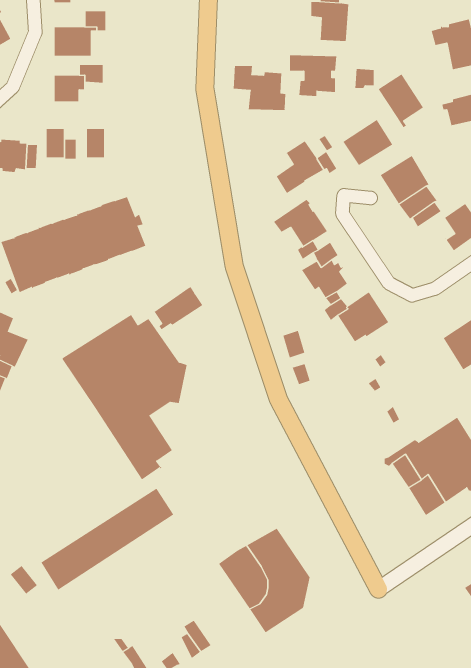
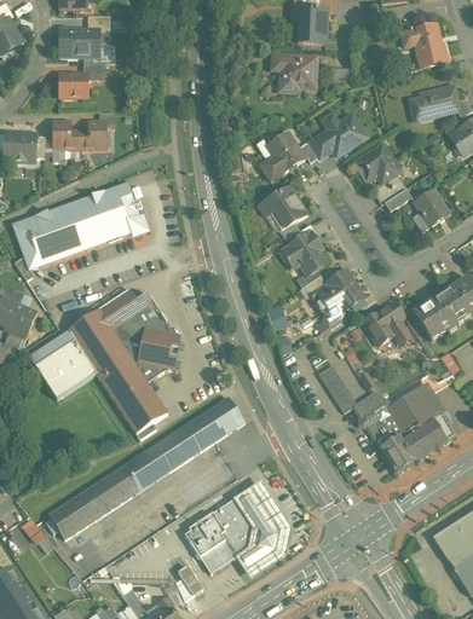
building: [233,65,286,111] -> none
building: [378,73,424,128] -> none
building: [154,286,203,330] -> none
building: none -> [362,301,408,345]
building: none -> [28,330,96,399]
building: none -> [317,364,386,418]
building: none -> [152,397,243,470]
building: none -> [184,515,236,572]

